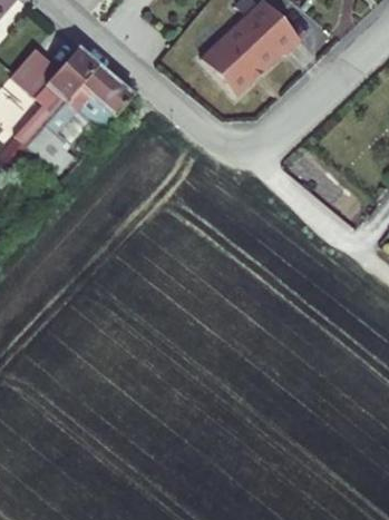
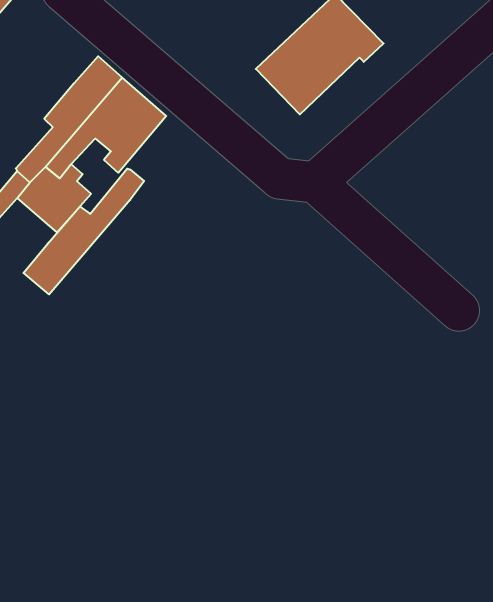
building: [11,48,59,96] -> none
building: none -> [23,169,144,294]

